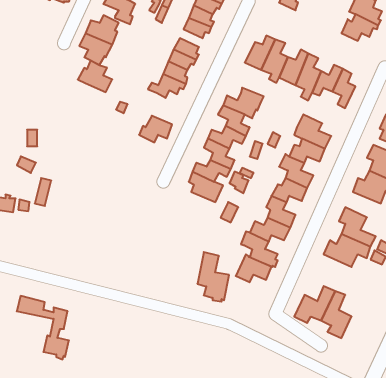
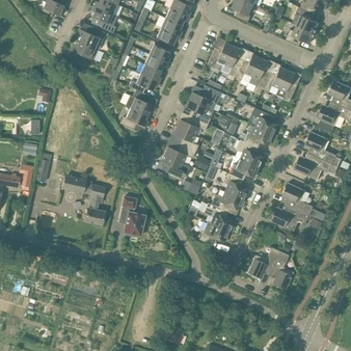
building: [78,60,112,92] -> [125,89,153,115]
building: [197,252,229,302] -> [118,196,144,237]
building: [17,296,69,359] -> [62,176,105,227]

